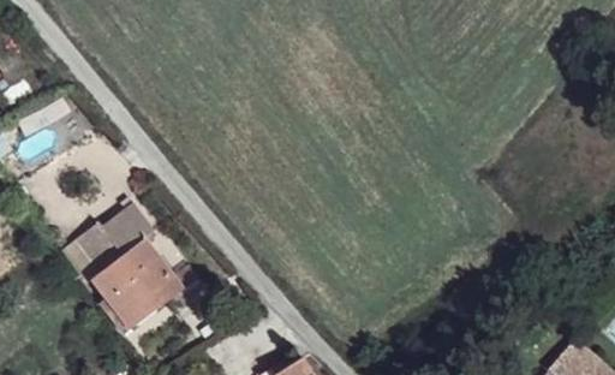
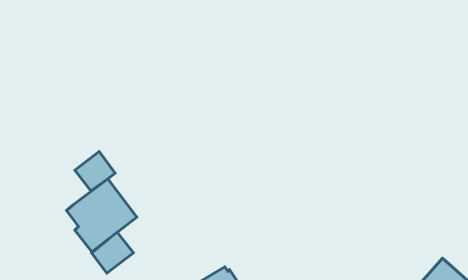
building: [77,224,124,273] -> none
building: none -> [91,232,133,273]

